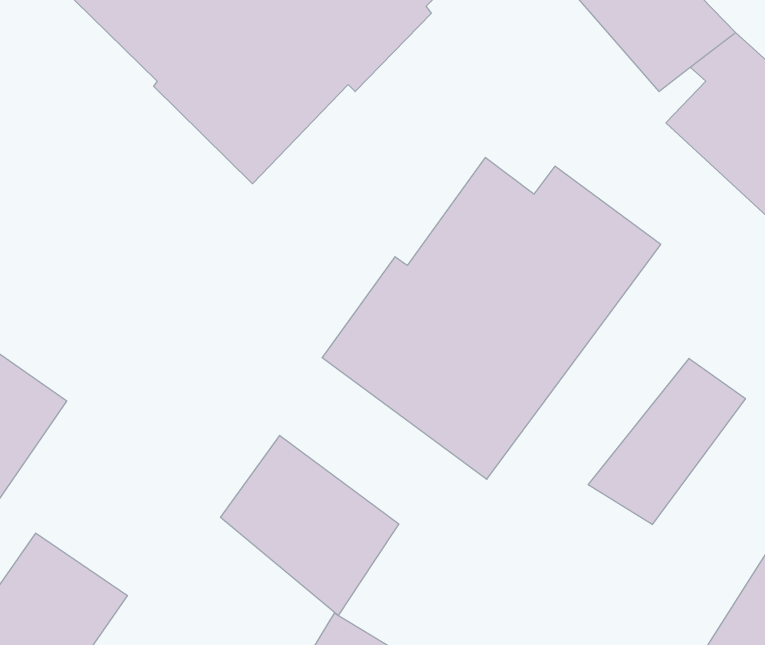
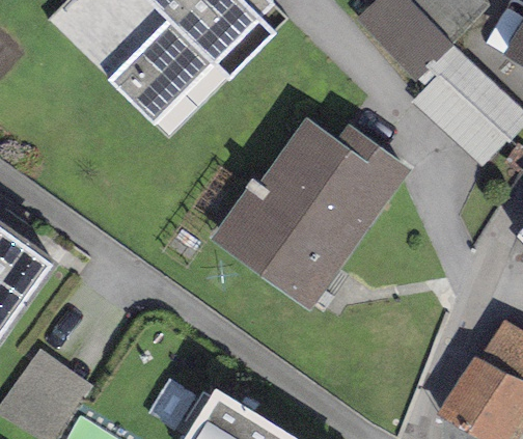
building: [588,358,745,525] -> none
building: [221,435,399,616] -> none

